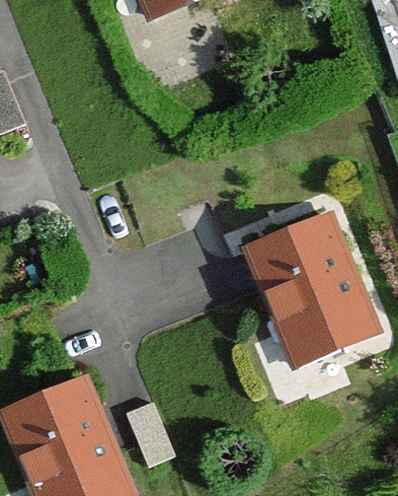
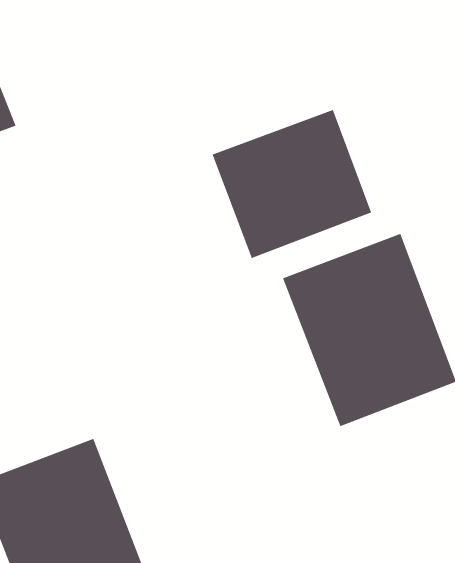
building: none -> [212,109,372,259]

